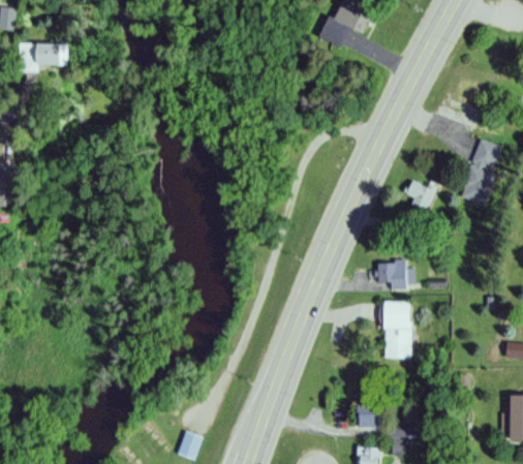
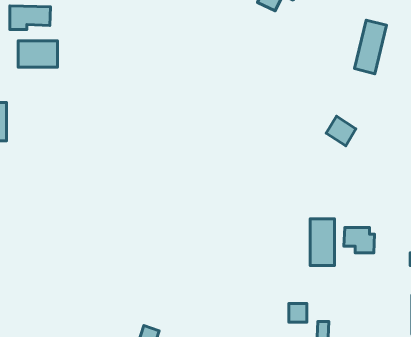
building: none -> [18,41,57,67]
building: [463,140,502,205] -> [354,20,387,74]
building: [377,260,414,291] -> [344,227,375,253]

